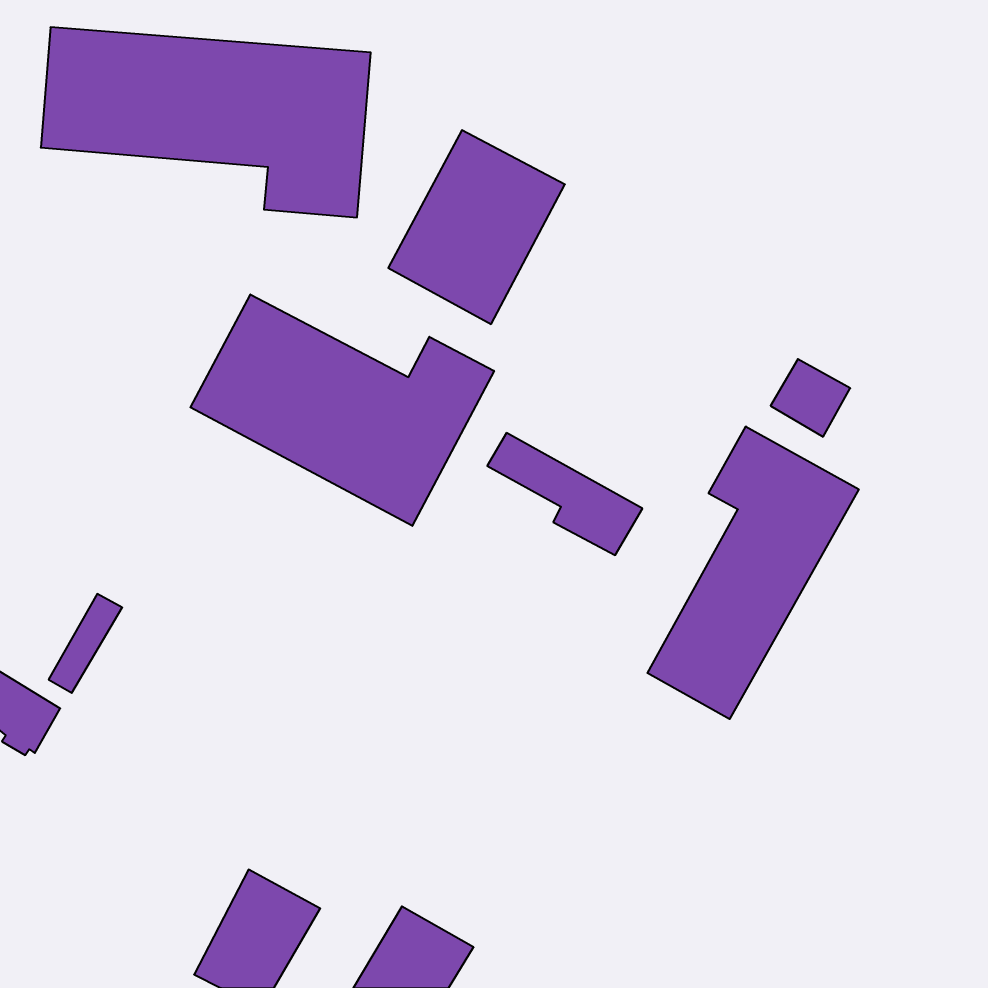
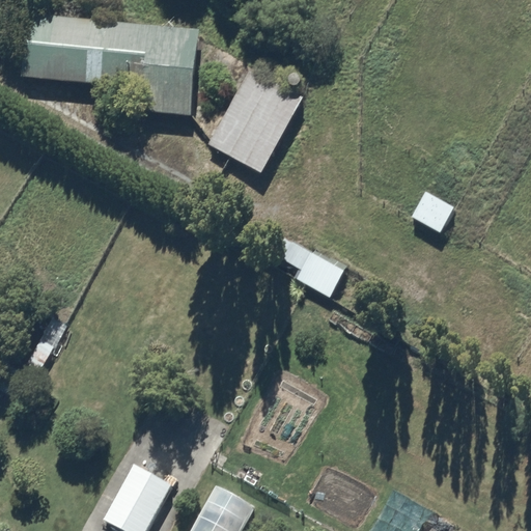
building: [190,294,494,526] -> none
building: [647,426,859,719] -> none

